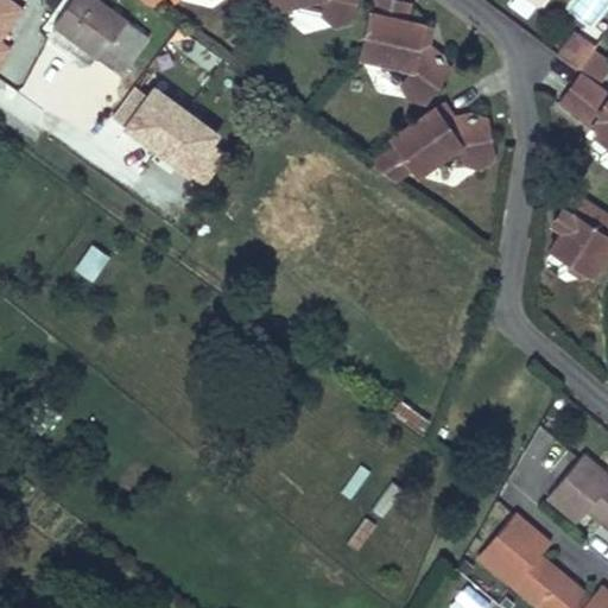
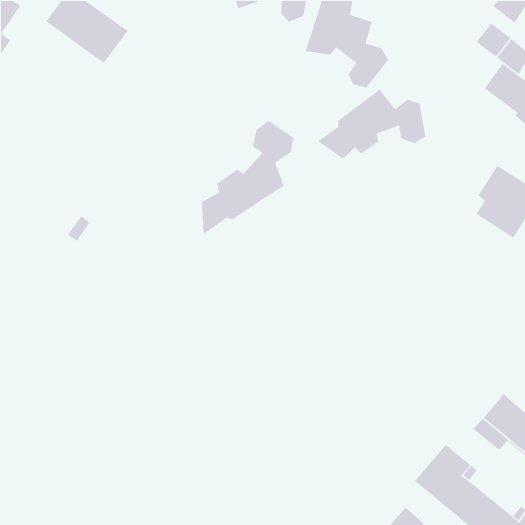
building: [108,77,220,180] -> none
building: none -> [201,120,295,235]

